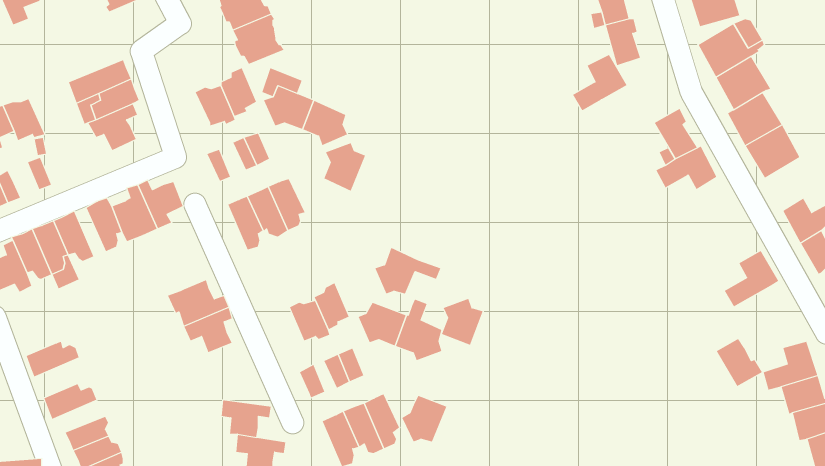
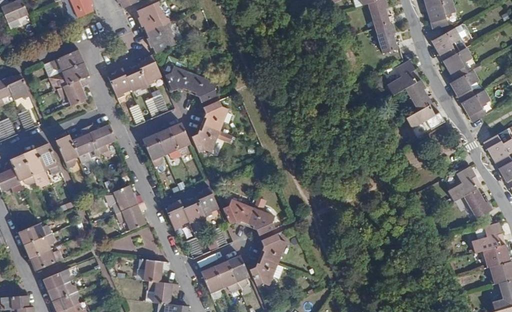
building: [572,54,628,111] -> [386,60,420,95]
building: none -> [107,67,131,97]
building: [375,247,441,294] -> [191,122,232,151]
building: [441,298,483,345] -> [259,233,285,262]
building: none -> [164,198,188,229]
building: [716,338,763,387] -> [462,188,491,218]
building: none -> [23,232,54,257]

